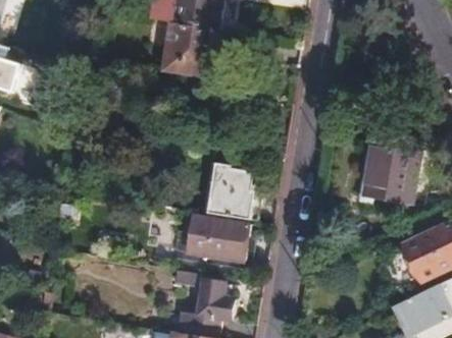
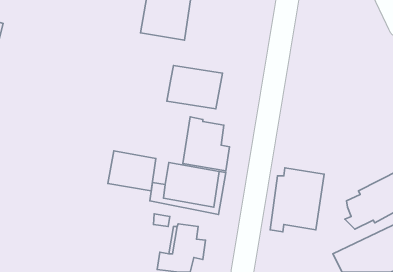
building: none -> [167,65,222,109]
building: [354,137,414,209] -> [270,168,324,232]
building: none -> [108,151,156,191]

